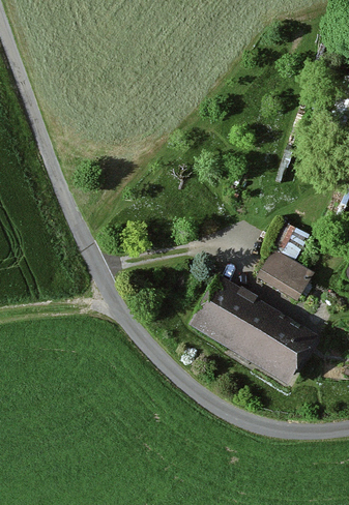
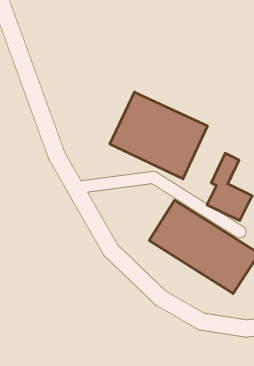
building: none -> [110,92,207,179]

